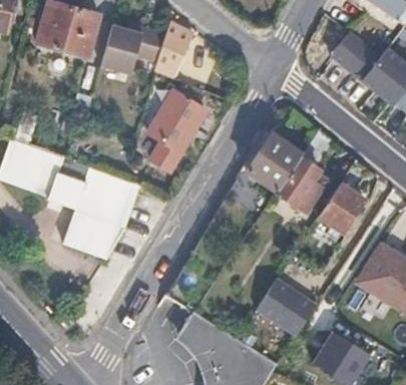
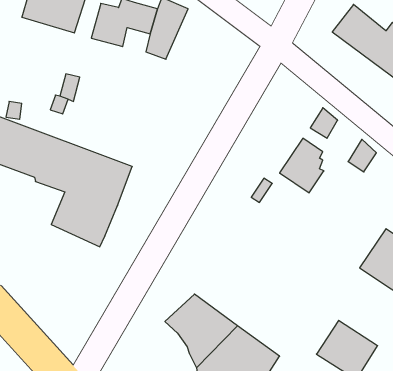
building: [145,95,202,176] -> none
building: [251,133,305,190] -> none
building: [319,185,365,235] -> none
building: [259,278,319,336] -> none

